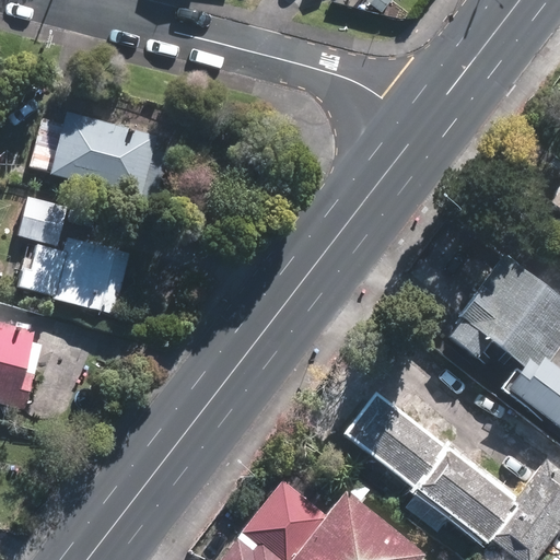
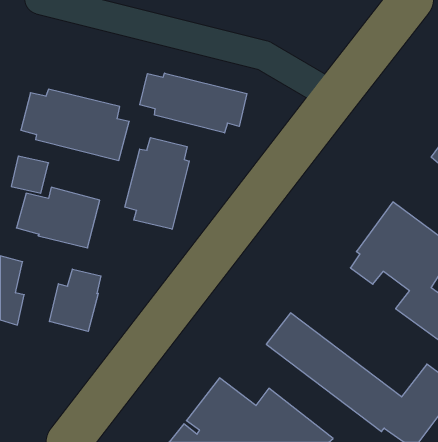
building: none -> [140,73,247,133]
building: none -> [125,138,189,229]
building: none -> [49,269,101,331]

